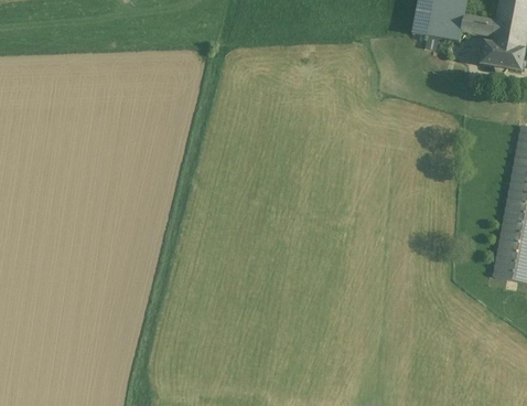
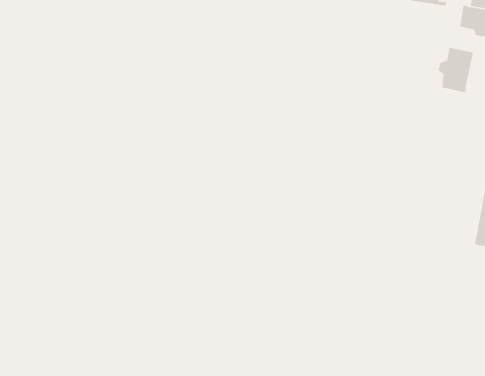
building: none -> [438,47,474,93]

